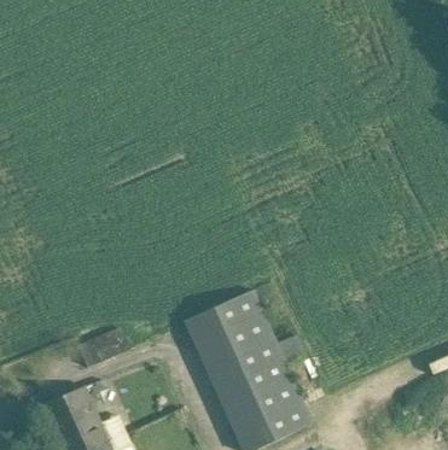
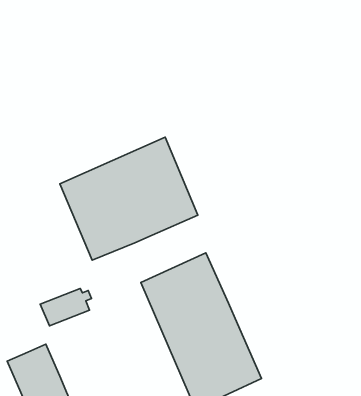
building: none -> [60,137,198,260]

